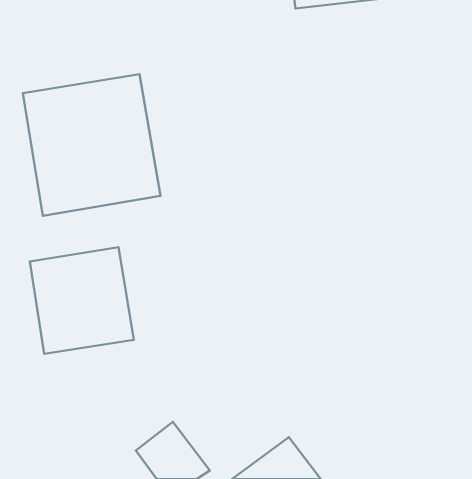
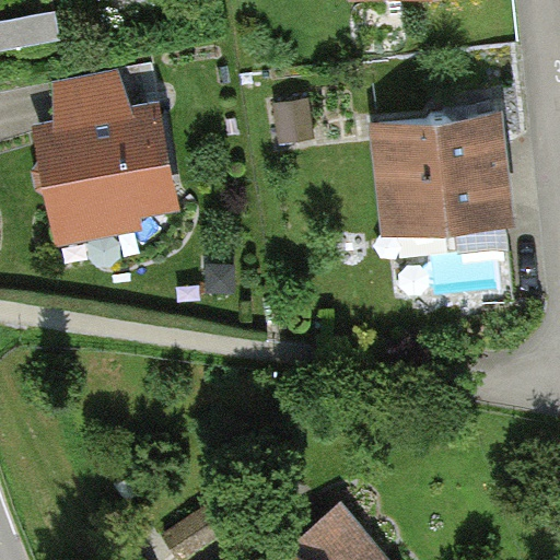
building: none -> [369,115,513,230]
building: [30,247,134,354] -> none

